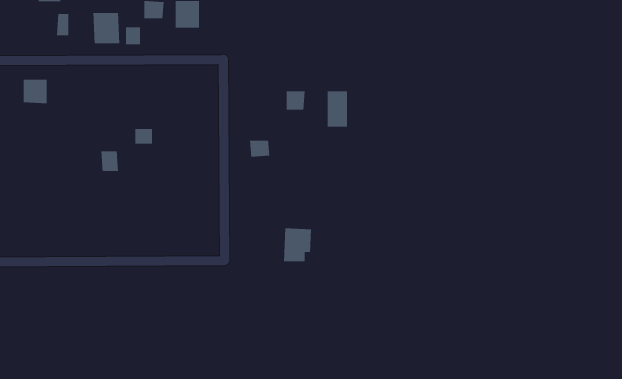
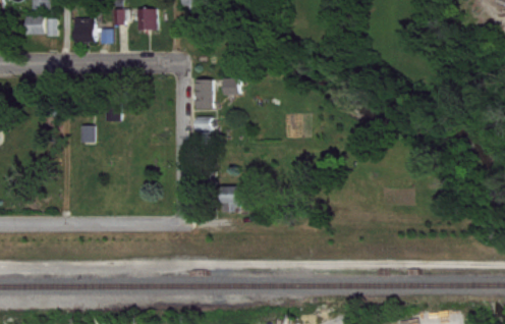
building: [23,79,48,104] -> [22,16,42,36]
building: [327,91,348,127] -> [195,80,212,109]

